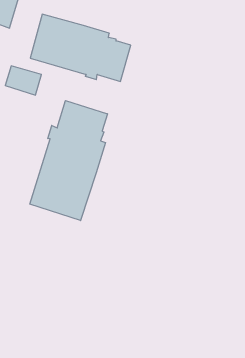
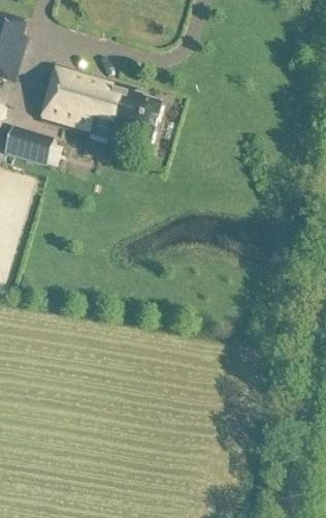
building: [30,101,107,221] -> none

